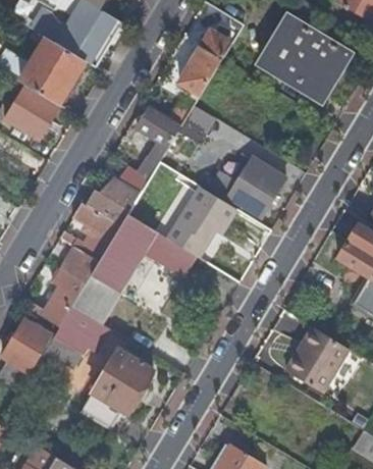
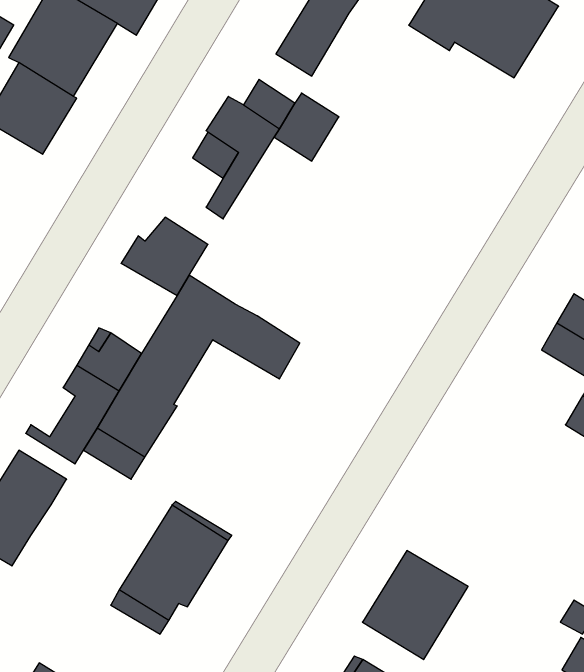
building: [211,158,285,217] -> none
building: [168,186,236,262] -> none
building: [73,203,120,260] -> none
building: [45,318,93,368] -> none
building: [284,326,348,392] -> [362,551,468,660]

